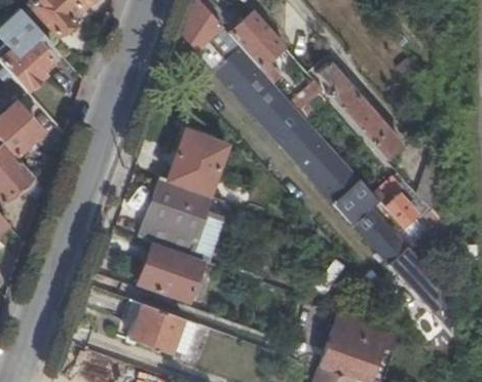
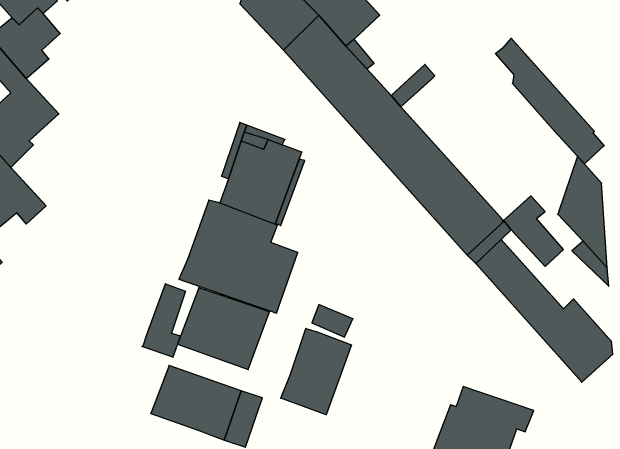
building: [317,63,396,154] -> [495,38,604,164]
building: none -> [142,284,186,357]
building: none -> [281,328,351,415]

